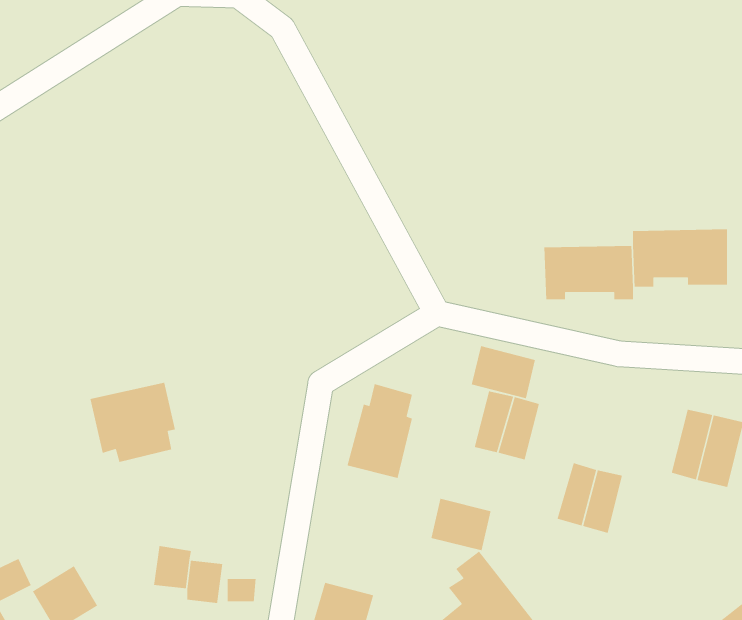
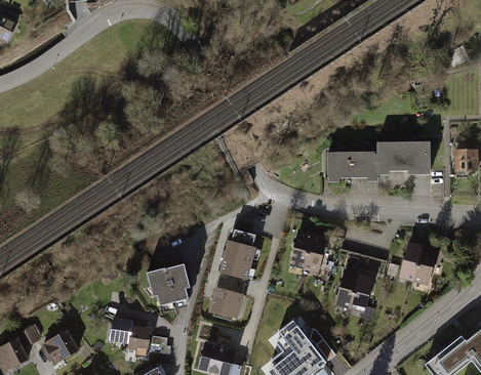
building: [471,345,536,399] -> none
building: [89,382,176,463] -> [143,258,191,303]
building: [431,498,491,551] -> [209,289,243,319]

